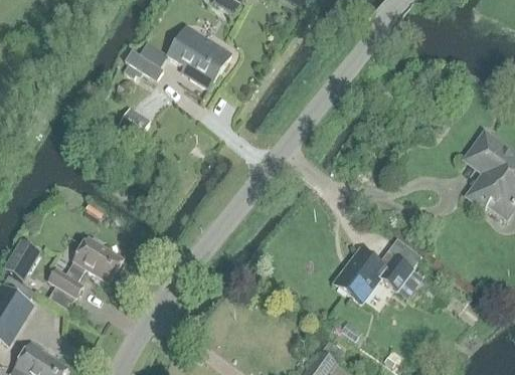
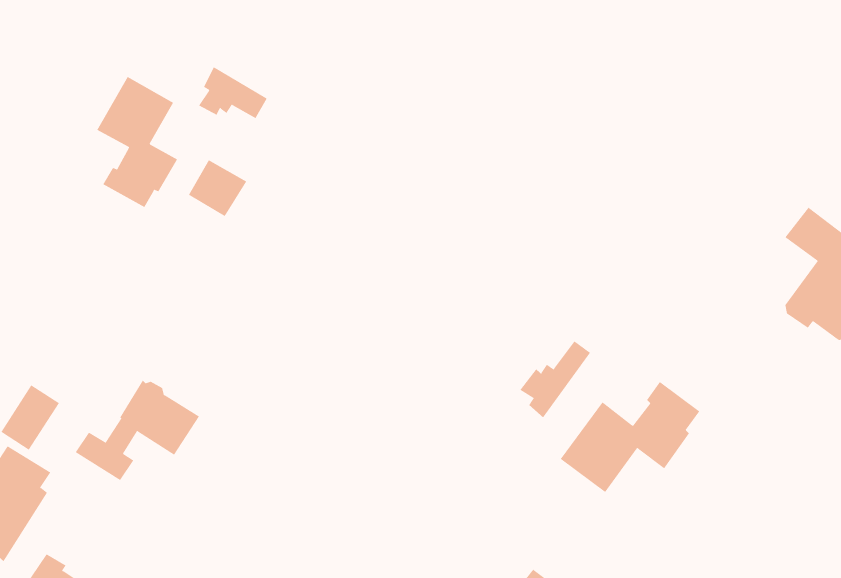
building: [168,26,231,89] -> none
building: none -> [96,76,178,208]
building: none -> [520,340,591,418]

